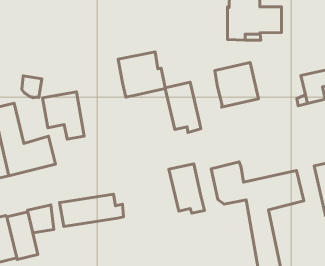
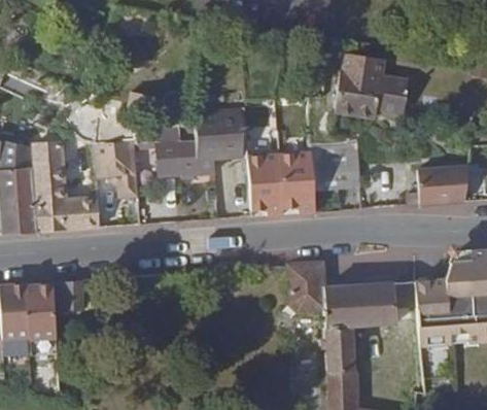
building: none -> [159,141,216,174]
building: [169,164,205,213] -> [280,151,316,212]
building: [60,194,124,227] -> none

